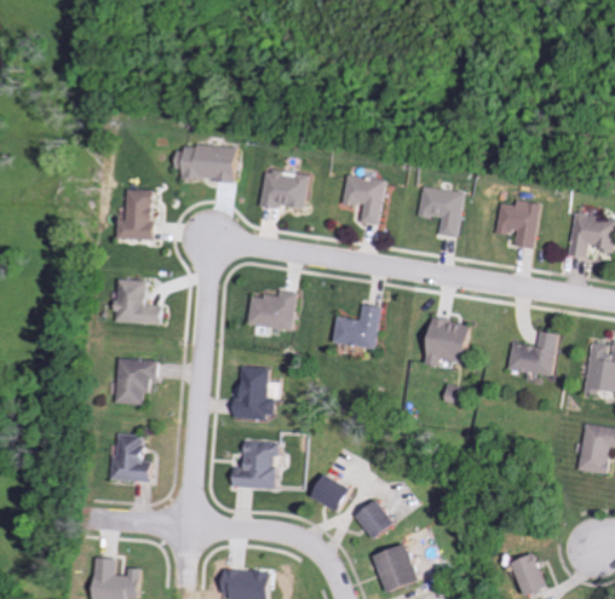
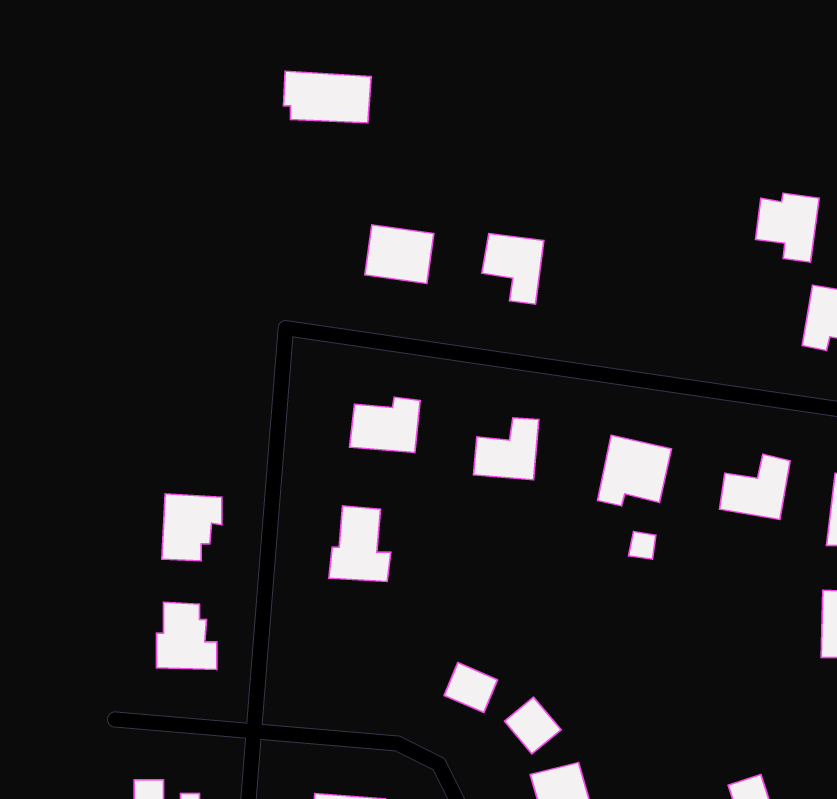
building: [173,144,235,180] -> [283,71,371,123]
building: [415,185,461,236] -> none
building: [114,190,154,238] -> none
building: [493,198,538,247] -> [756,193,819,262]
building: [115,280,163,324] -> none
building: [232,440,276,488] -> none

